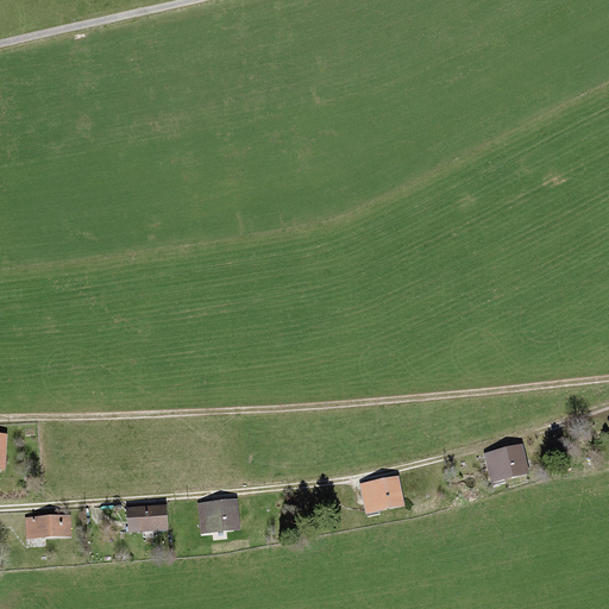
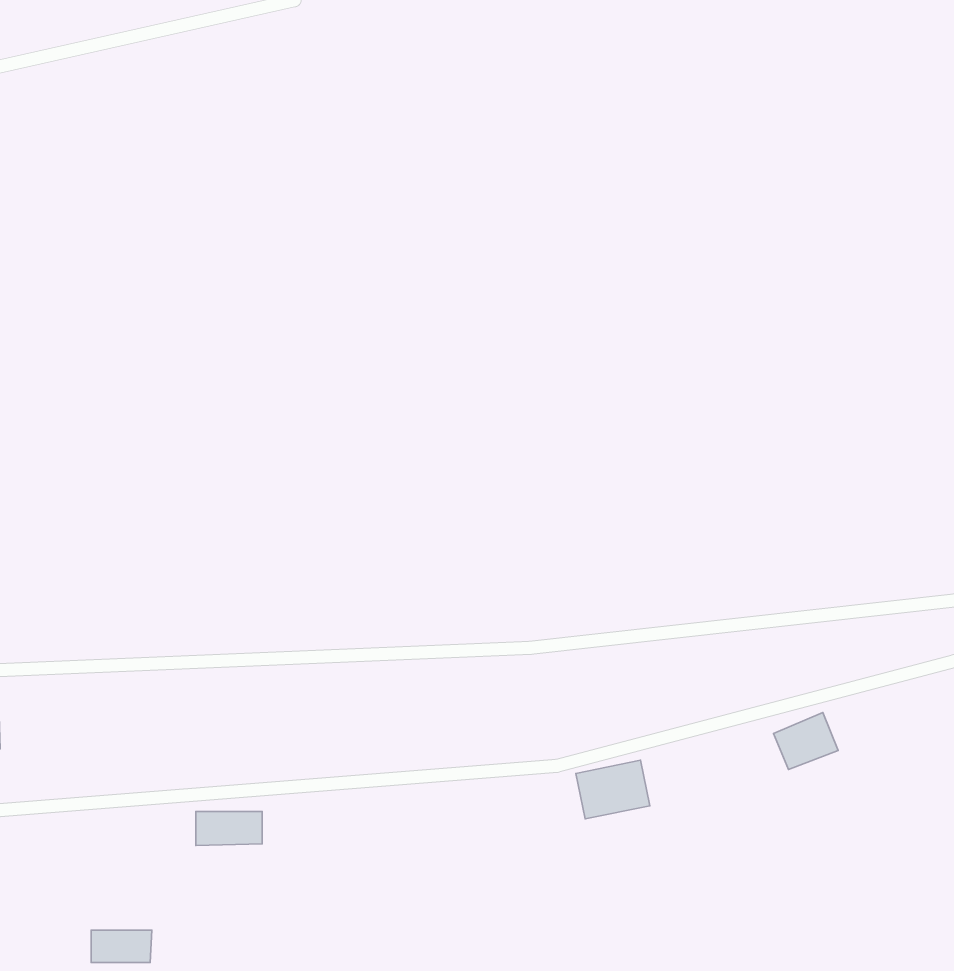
building: [197,502,244,528] -> none
building: [25,515,63,535] -> [91,930,152,962]

